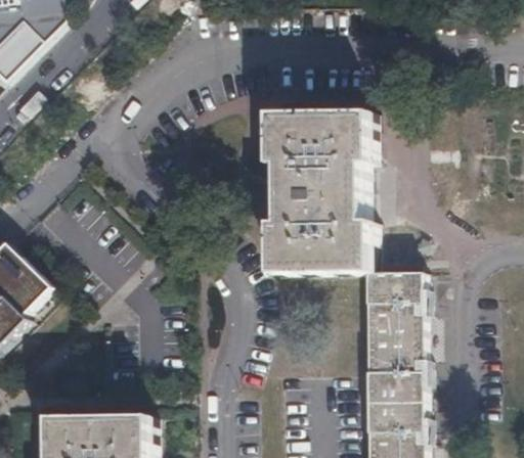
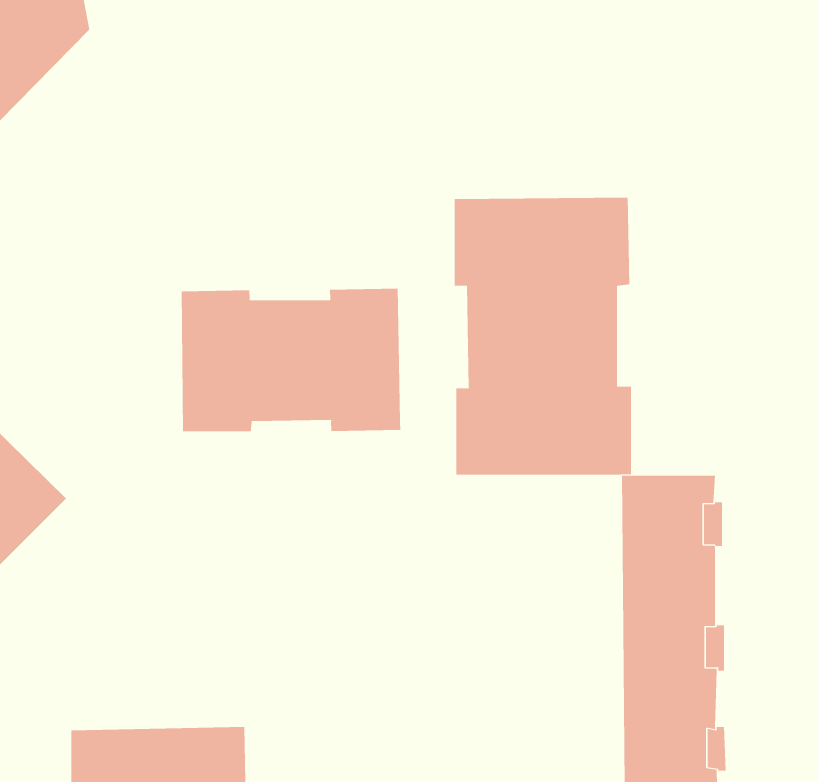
building: none -> [181,288,401,432]

